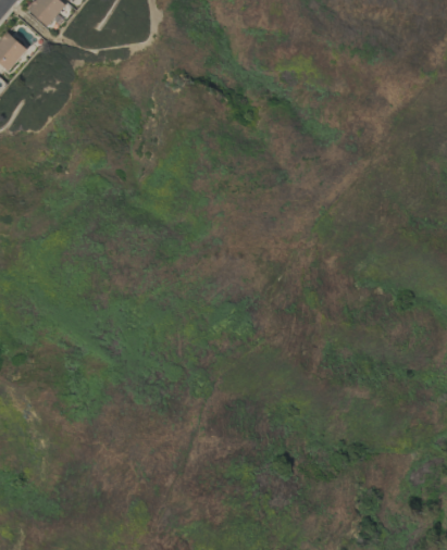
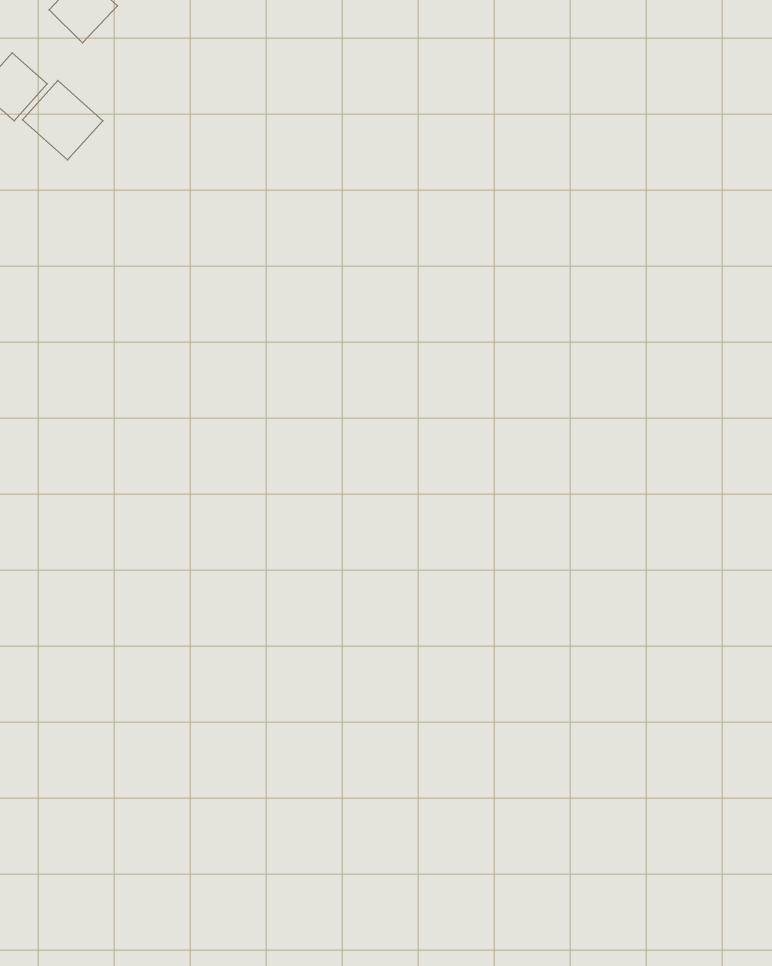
building: none -> [23,81,103,160]

